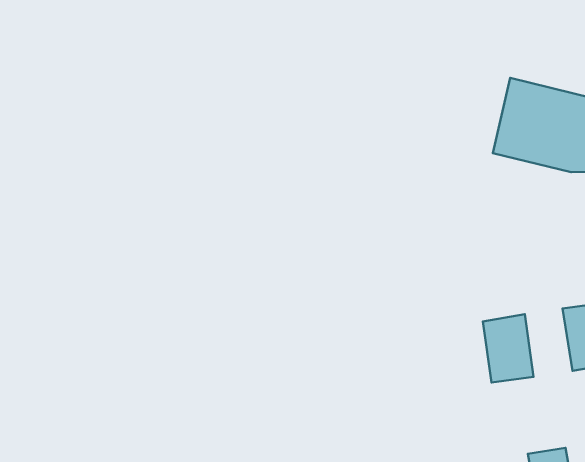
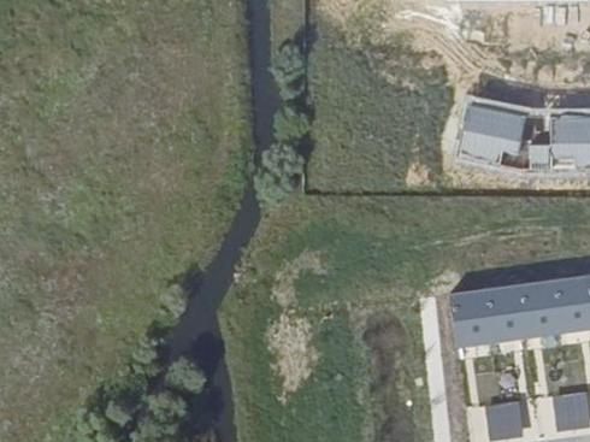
building: none -> [485,287,525,343]

